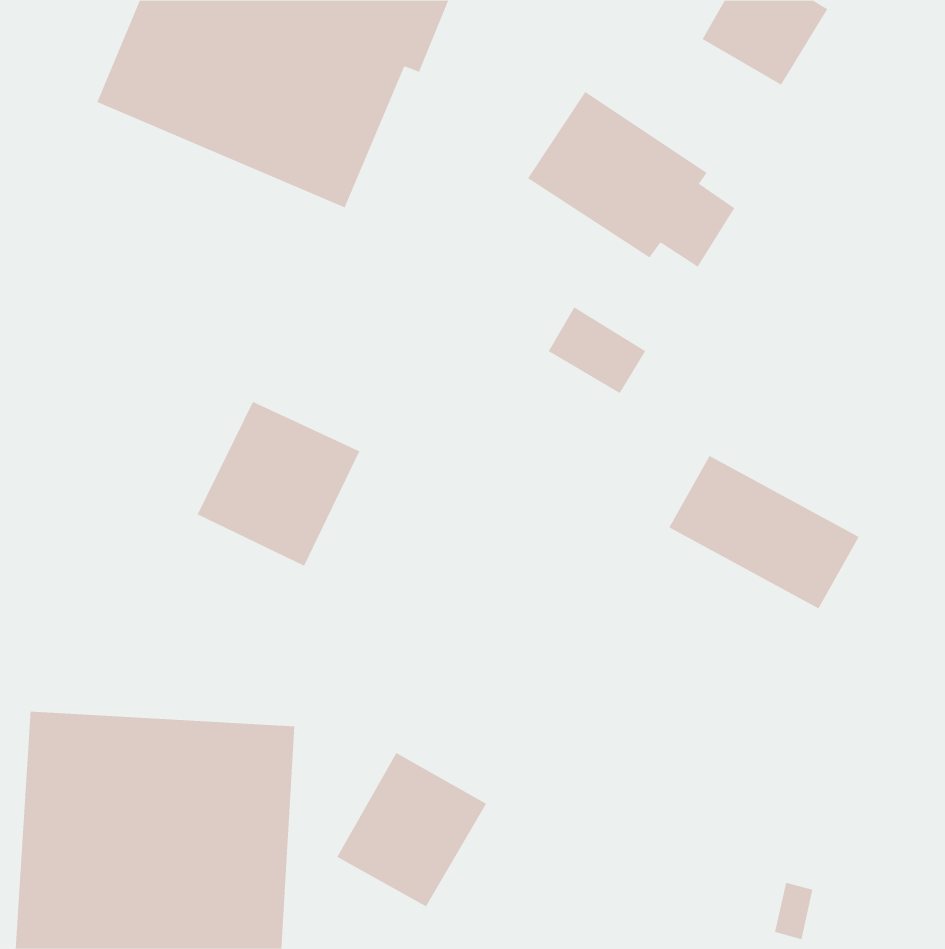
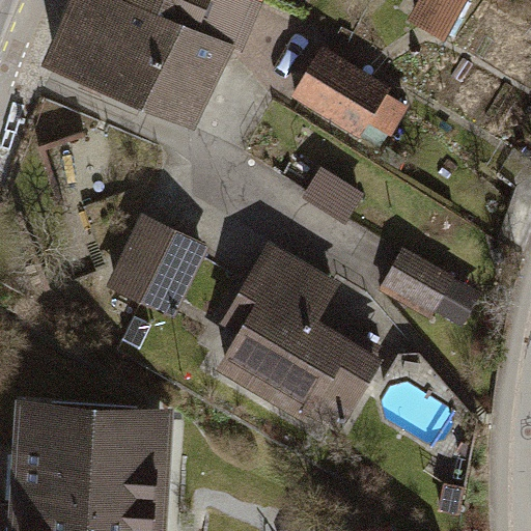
building: none -> [222,243,376,429]
building: [336,752,487,907] -> none

